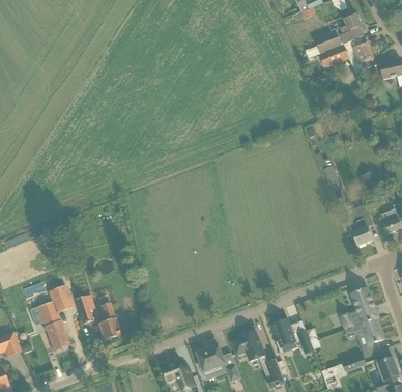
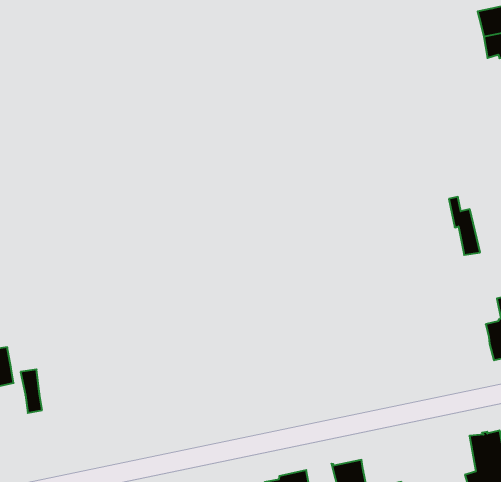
building: [98,300,120,339] -> none

